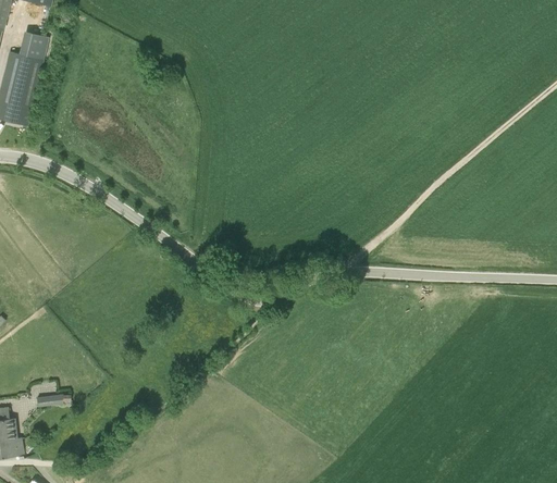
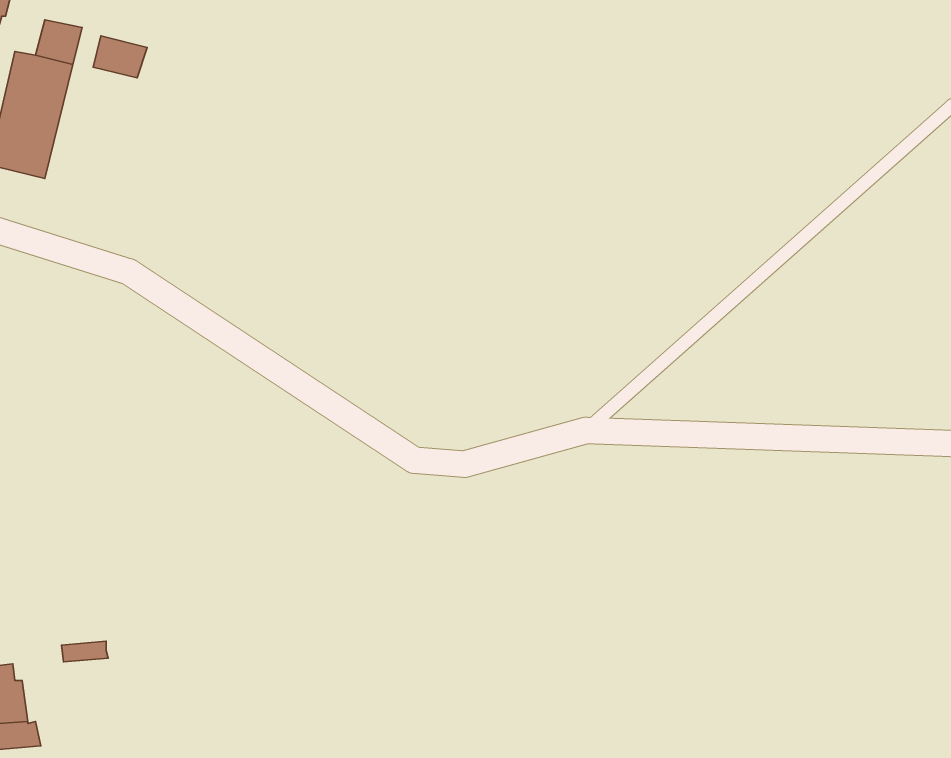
building: none -> [93,36,147,78]

